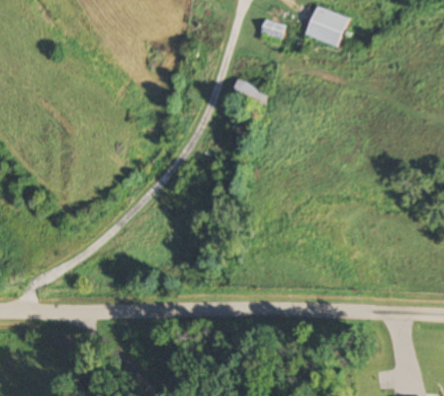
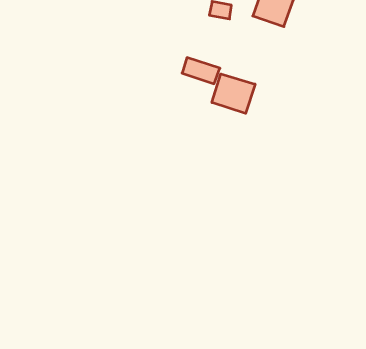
building: none -> [212,74,255,113]

